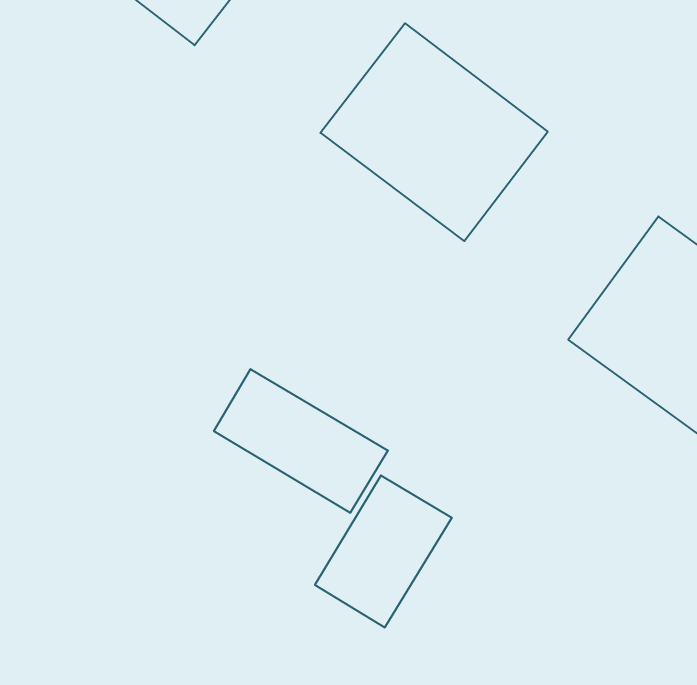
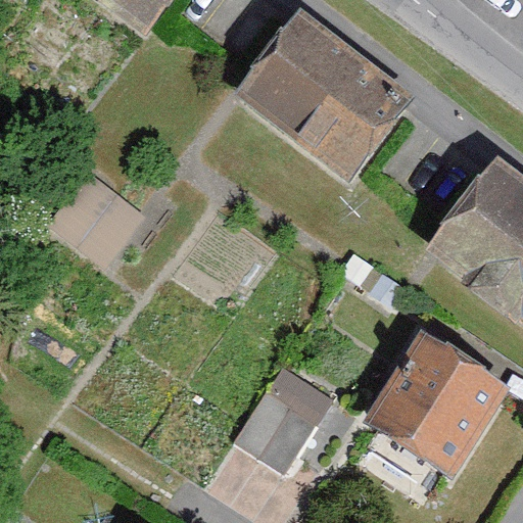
building: [214,369,388,513] -> none
building: none -> [362,327,507,468]

